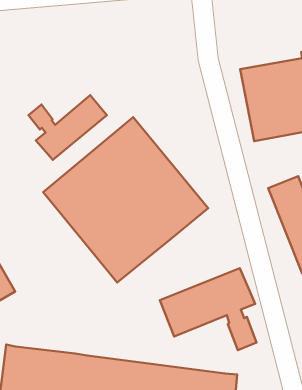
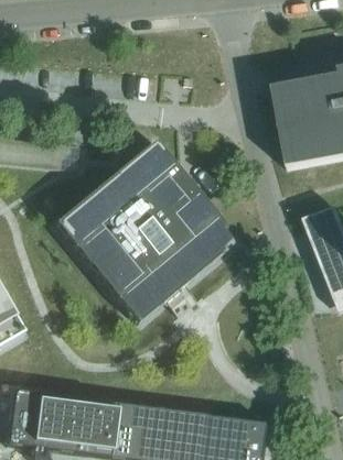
building: [29,95,107,160] -> none
building: [160,268,257,350] -> none

